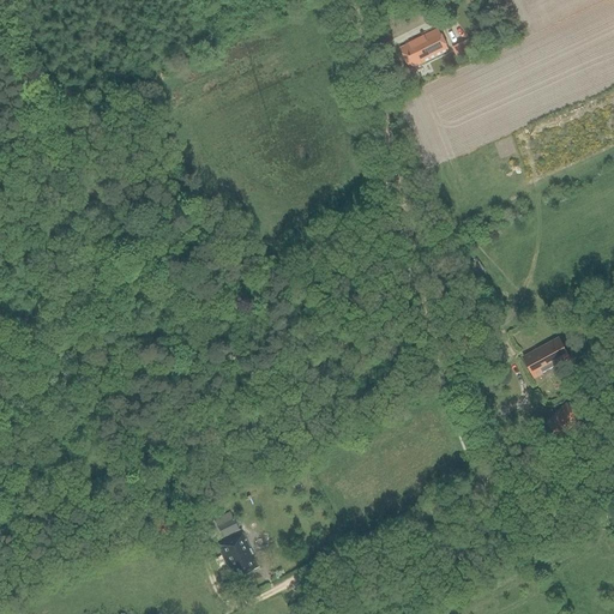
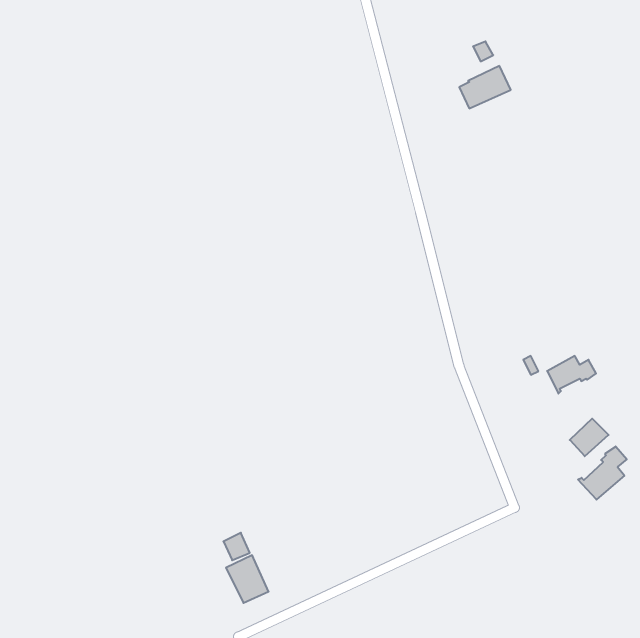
building: [401,26,450,67] -> [459,66,511,108]
building: none -> [578,446,627,500]

